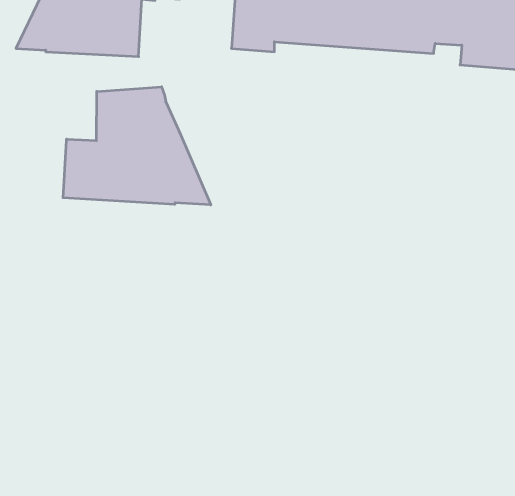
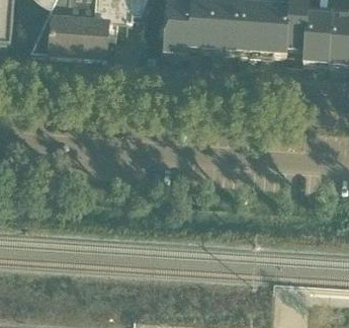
building: [63,87,211,205] -> none

